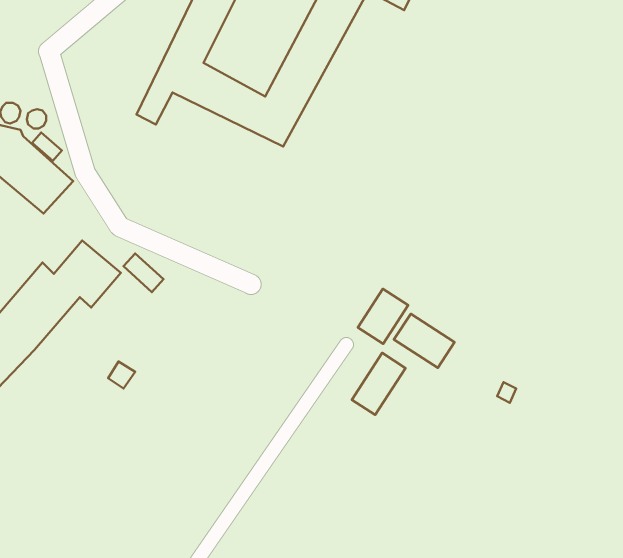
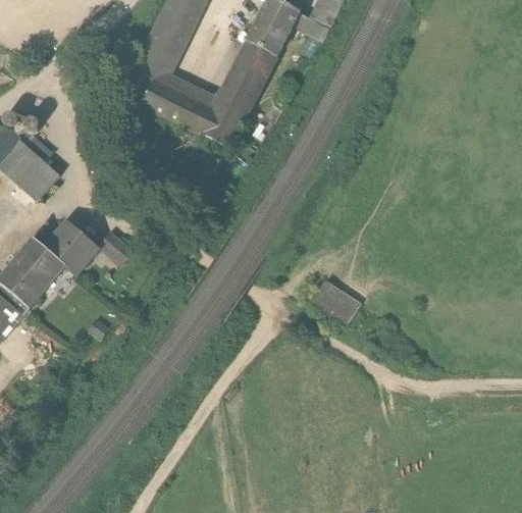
building: [358,289,408,344] -> none
building: [352,353,405,415] -> none

